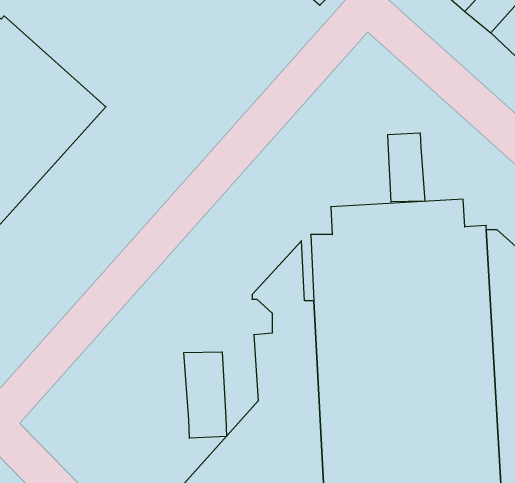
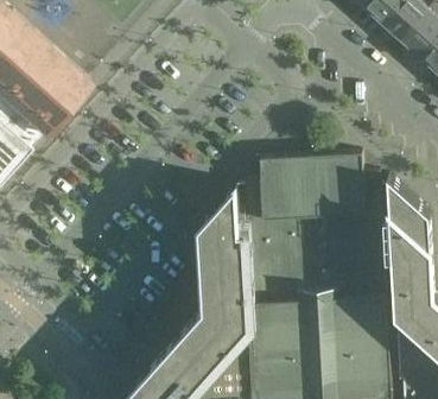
building: [388,133,425,202] -> none
building: [184,352,226,438] -> none

